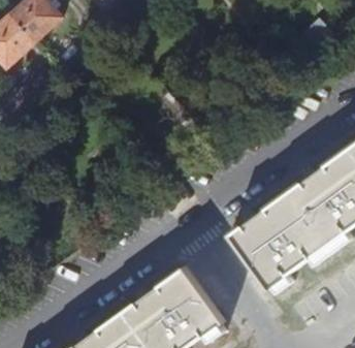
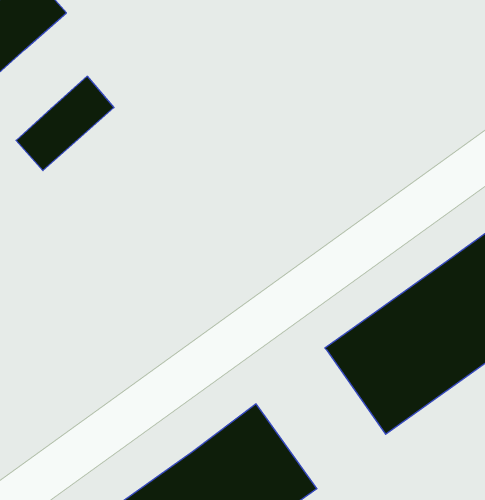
building: none -> [16,76,114,171]

